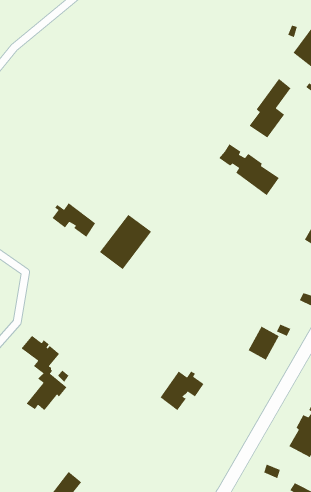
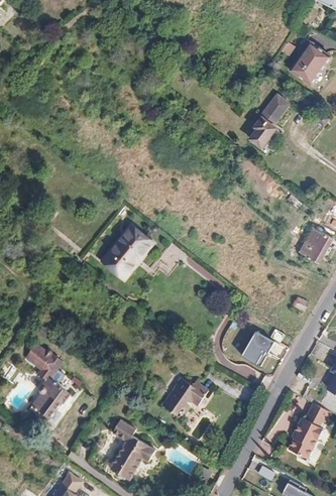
building: [218,143,280,196] -> none
building: [51,202,96,238] -> none
building: none -> [111,416,154,477]

